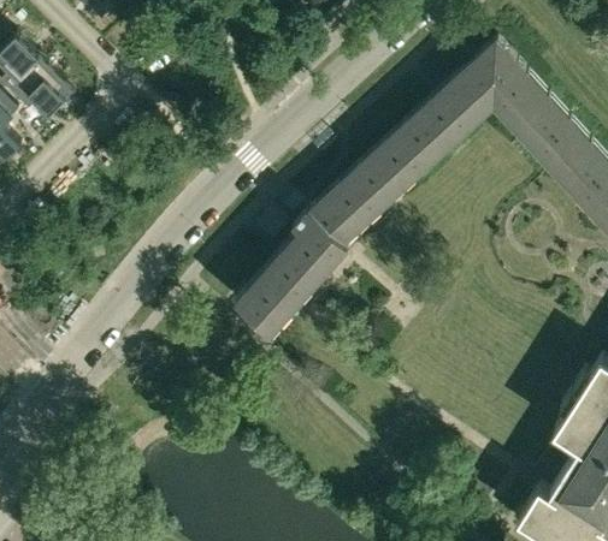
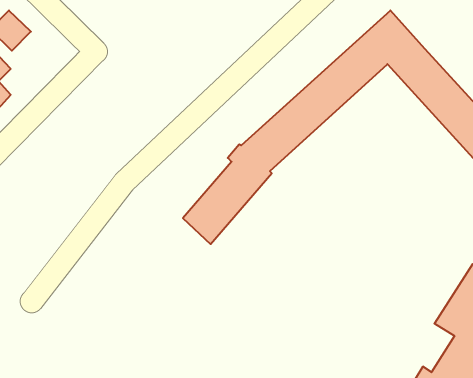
building: [22,60,75,120] -> none

